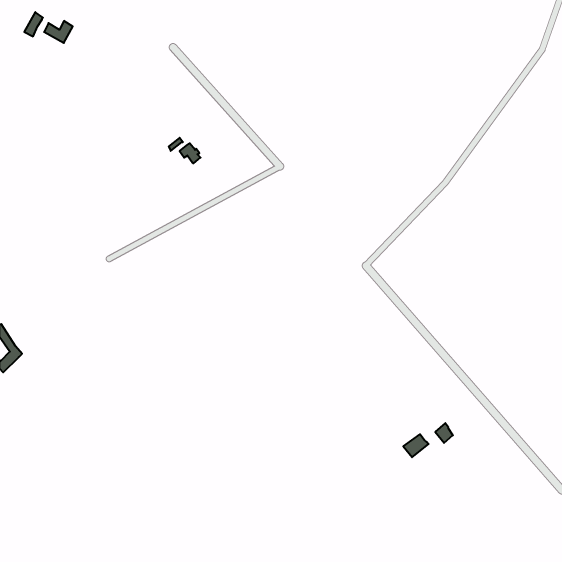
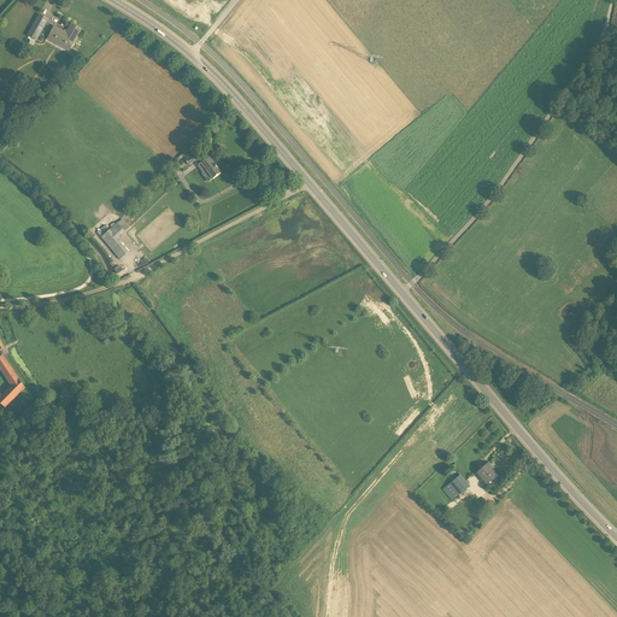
building: none -> [95,222,128,259]

